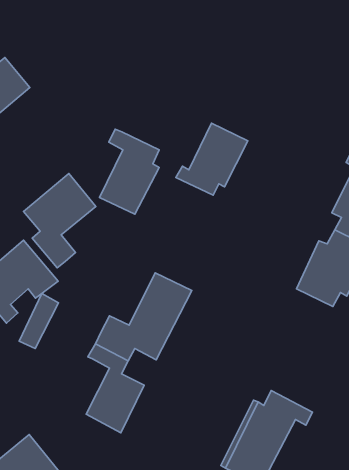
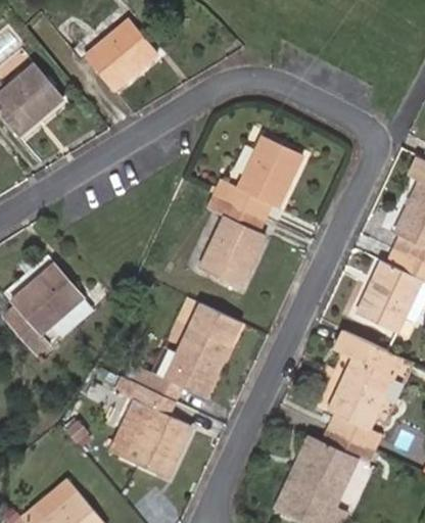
building: none -> [87,22,158,91]
building: [99,129,159,214] -> [198,193,264,286]
building: [24,174,96,268] -> none
building: [19,293,59,349] -> [107,394,150,455]
building: none -> [327,331,403,453]

